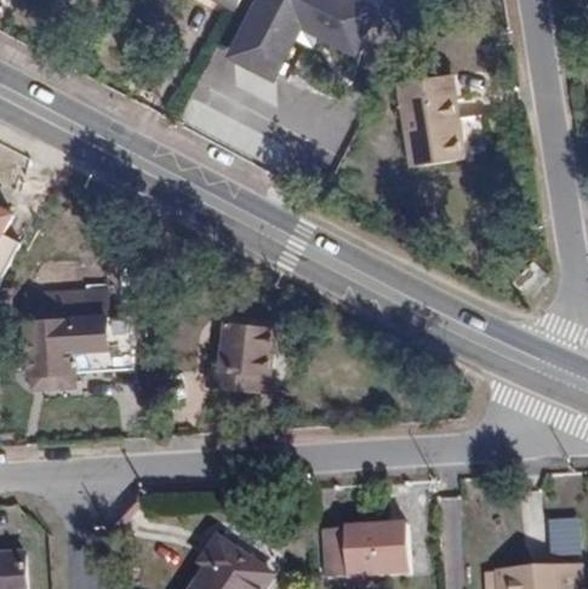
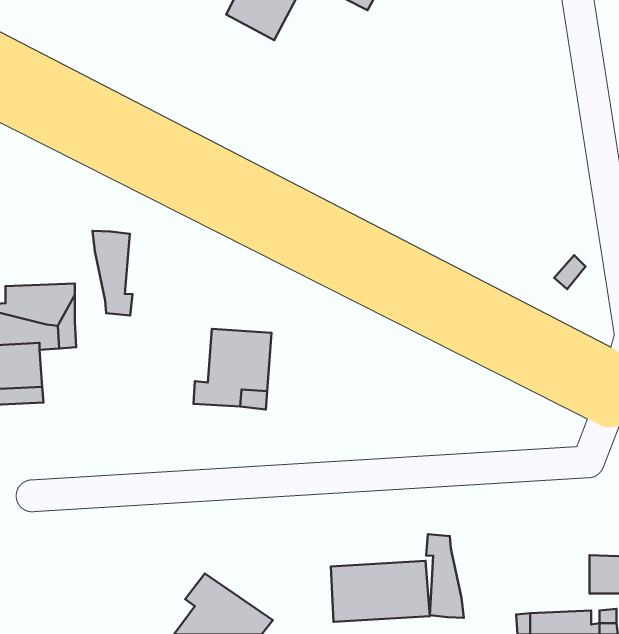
building: [400,73,461,167] -> none
building: none -> [92,231,132,316]
building: none -> [426,534,464,618]

